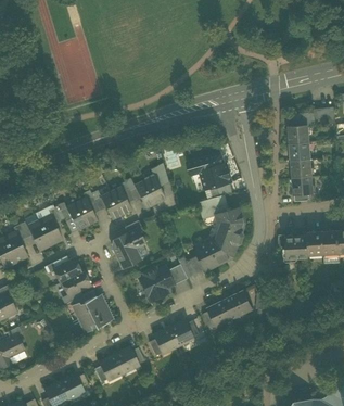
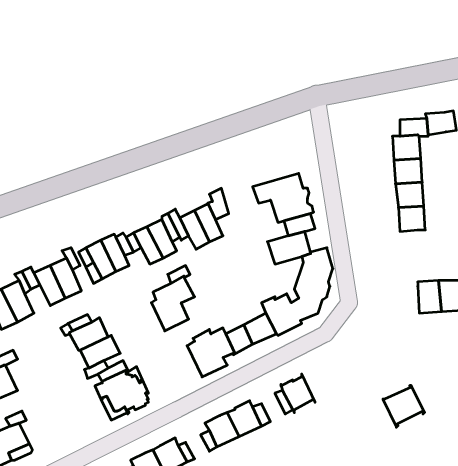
building: [284,237,307,259] -> none
building: [221,291,252,321] -> [383,386,425,427]

